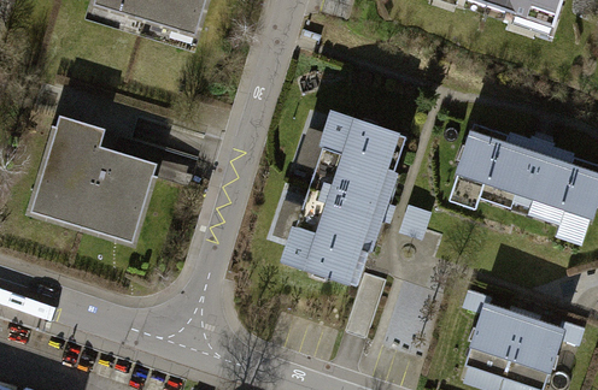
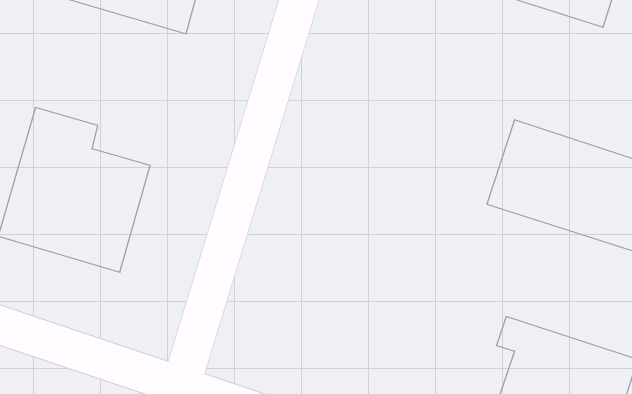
building: [281,104,408,277] -> none

